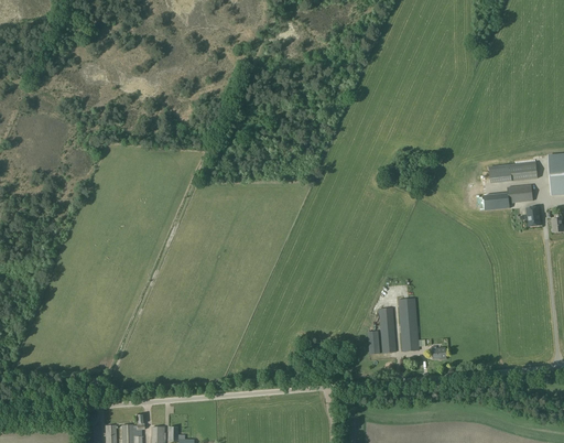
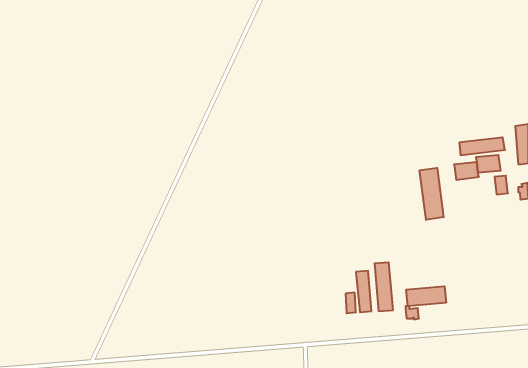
building: none -> [420,168,444,220]
building: none -> [406,286,446,306]

